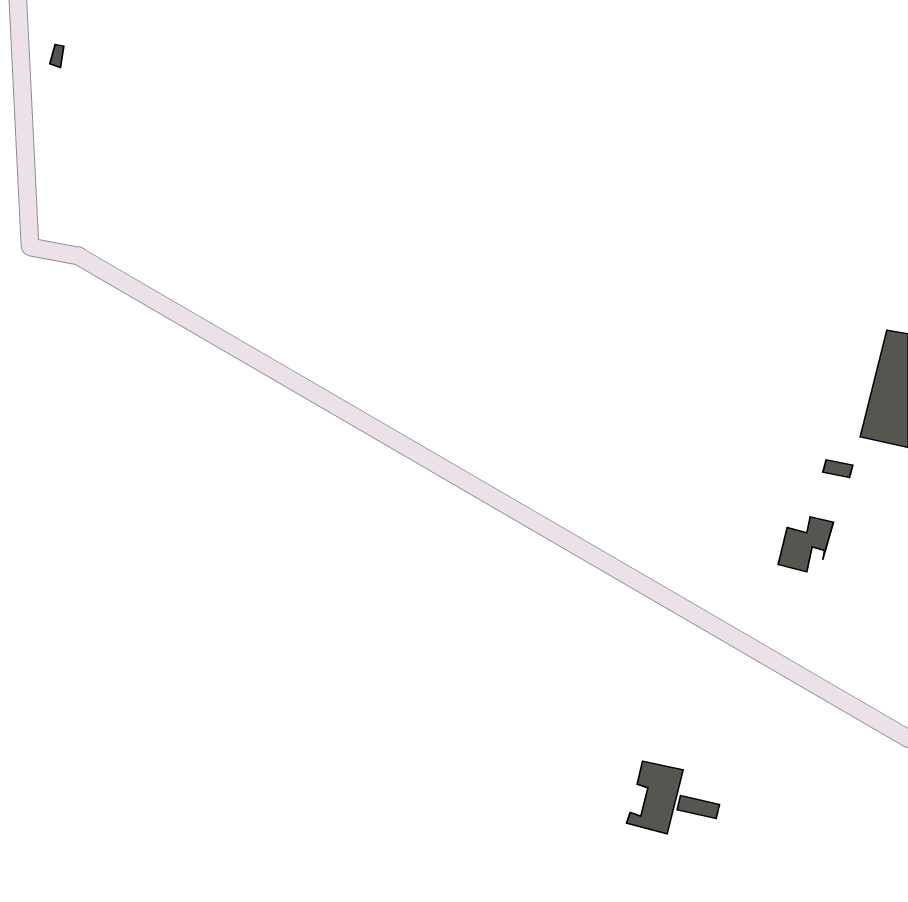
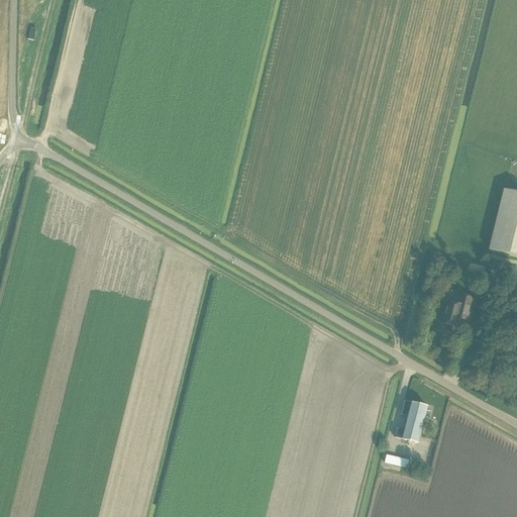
building: [626,761,683,834] -> [396,400,428,441]

